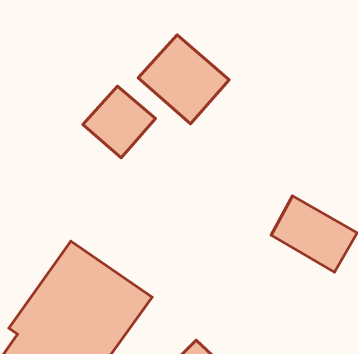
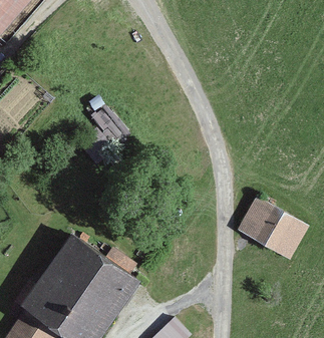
building: [138,35,229,124] -> none

